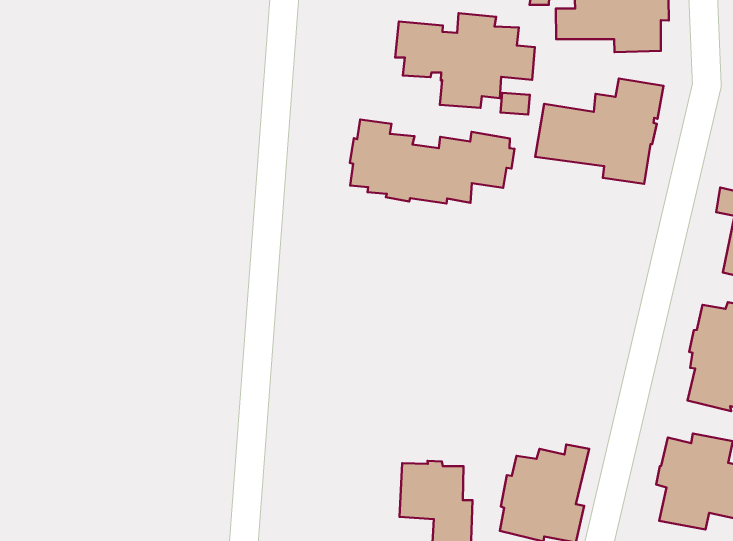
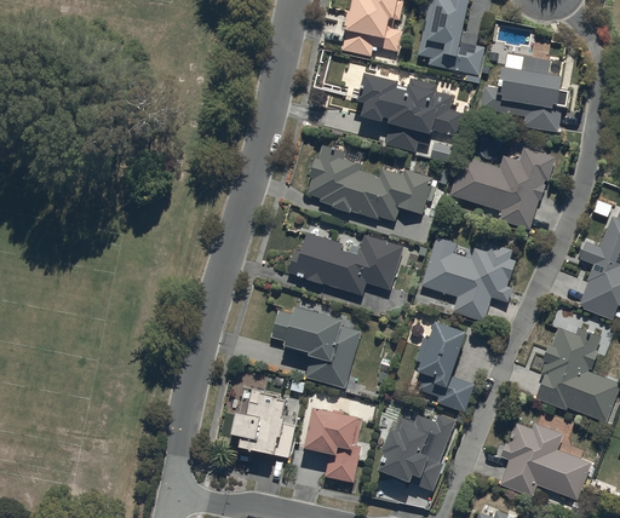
building: none -> [421,237,516,321]
building: none -> [287,230,404,295]
building: none -> [417,323,475,413]
building: none -> [271,309,361,389]
building: none -> [231,389,295,457]

